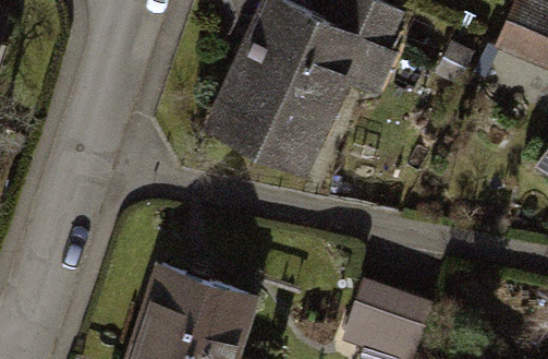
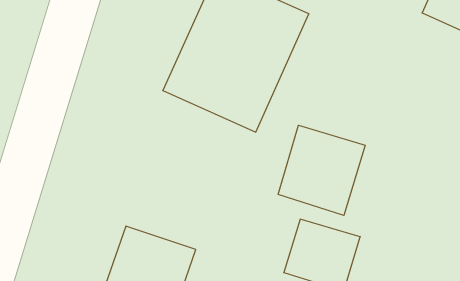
building: none -> [278,125,365,215]

